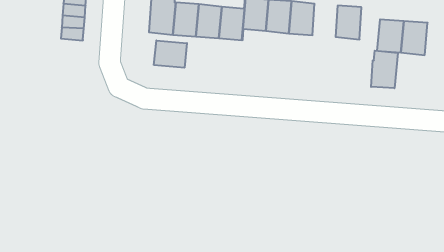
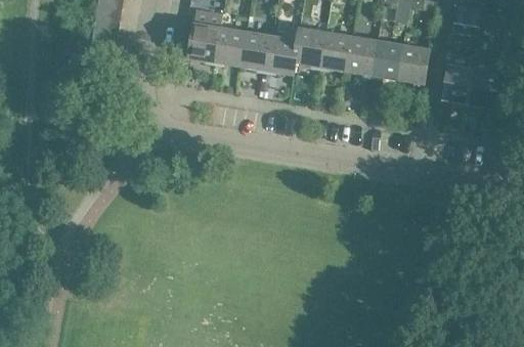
building: none -> [370,40,401,79]
building: [154,40,187,68] -> none
building: [371,51,398,88] -> none

